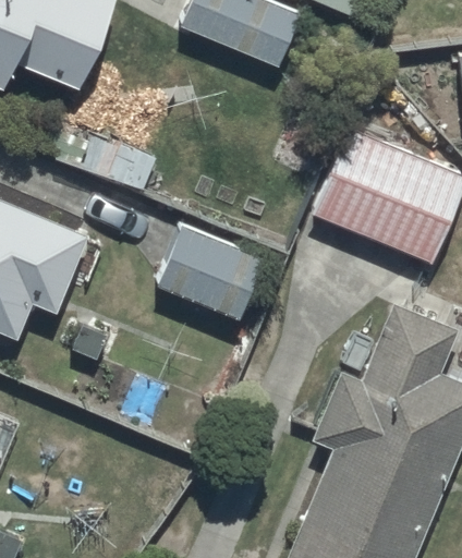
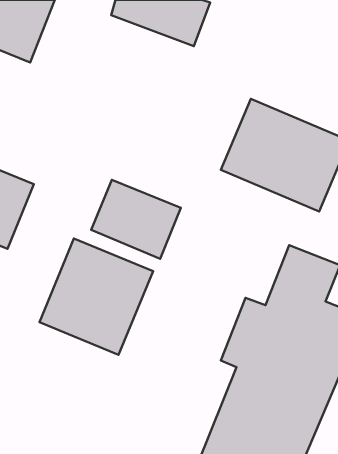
building: none -> [39,239,153,355]

